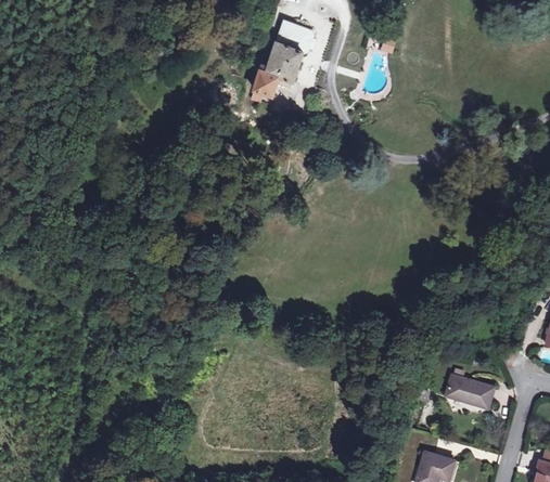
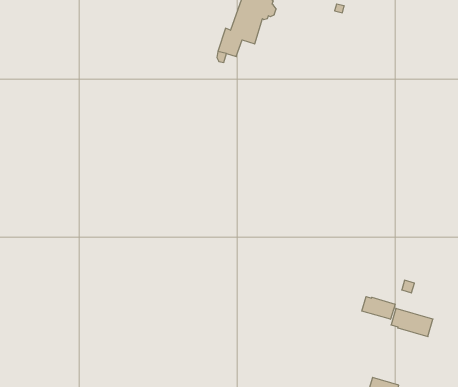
building: none -> [362,297,395,319]

